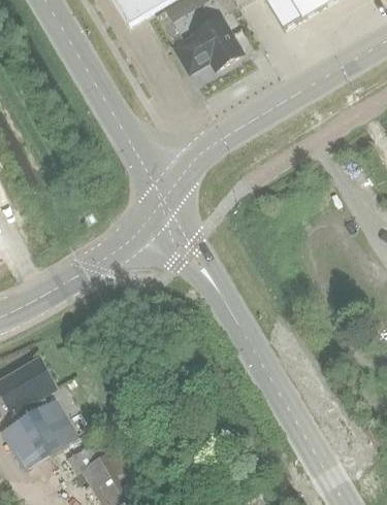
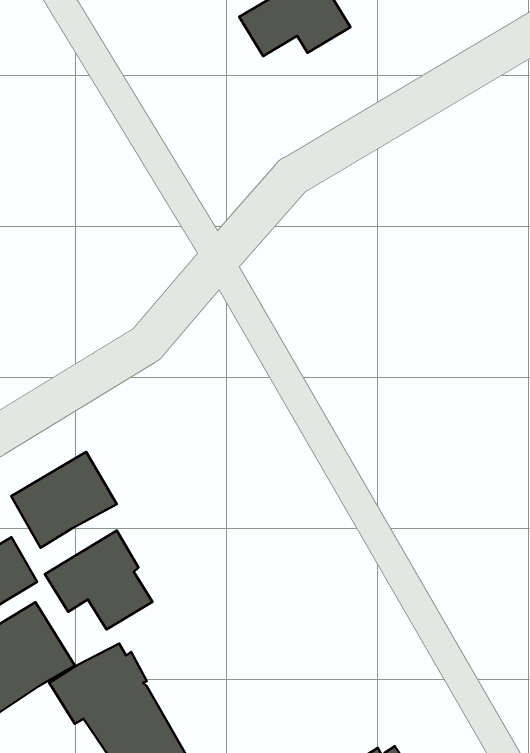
building: none -> [11,452,117,548]
building: none -> [45,531,152,630]

